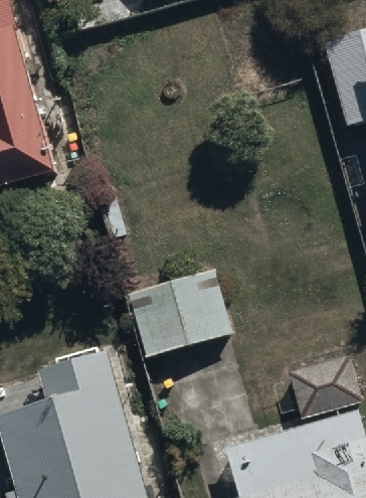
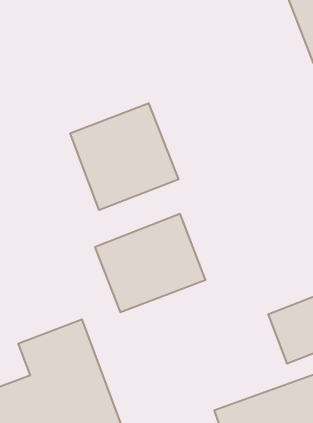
building: none -> [70,103,179,210]

